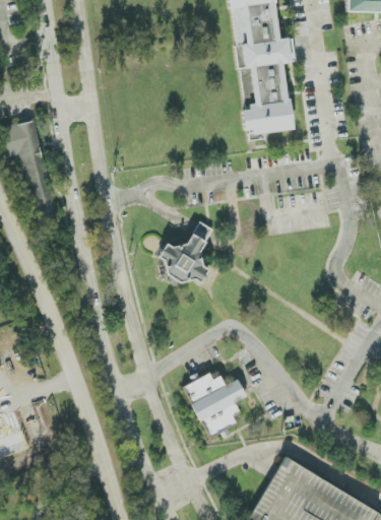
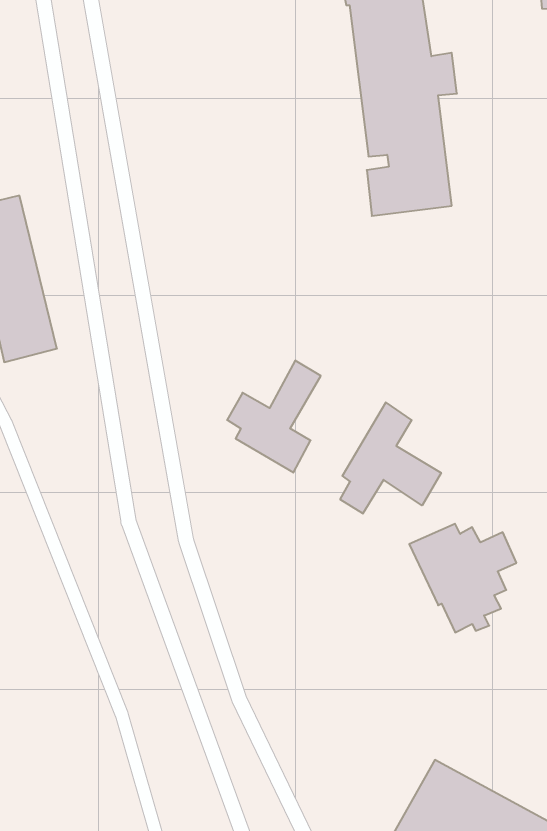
building: none -> [340,402,441,514]
building: [183,373,247,438] -> [409,524,516,632]

